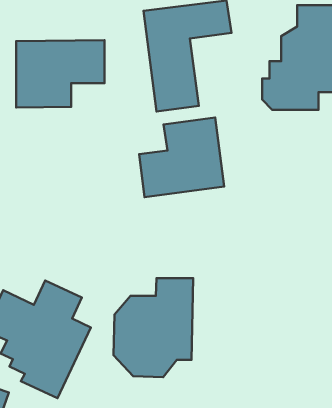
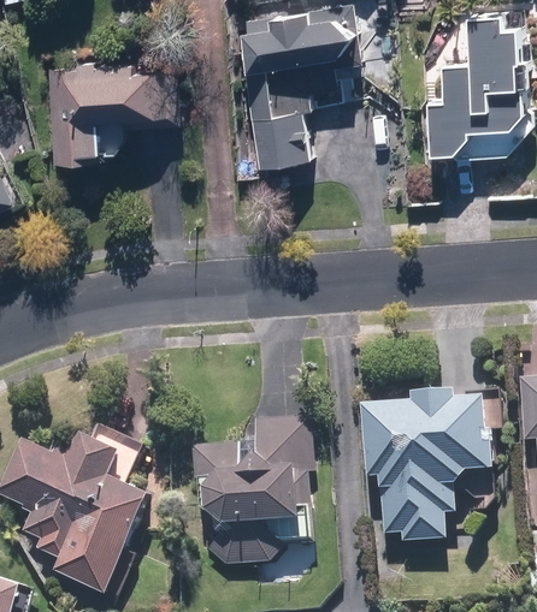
building: [139,117,224,197] -> none
building: none -> [367,388,497,540]

